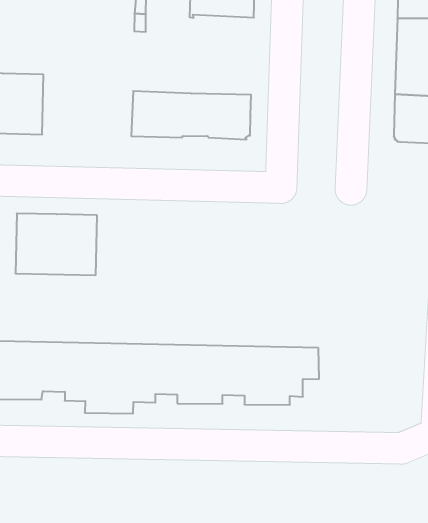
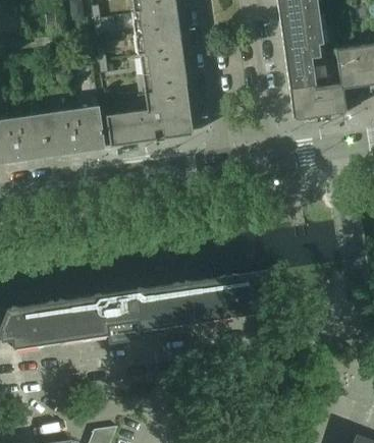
building: none -> [140,50,190,110]
building: [15,213,97,275] -> [43,106,105,156]

